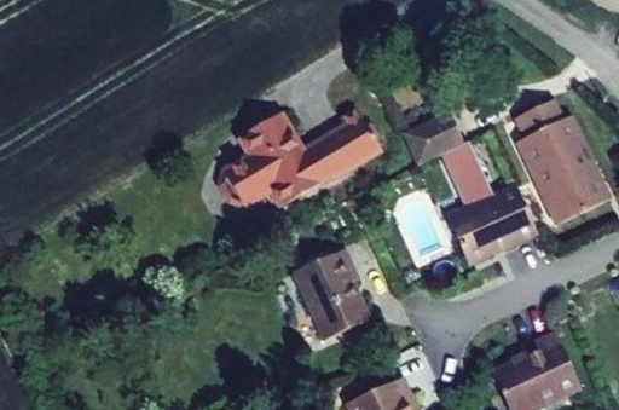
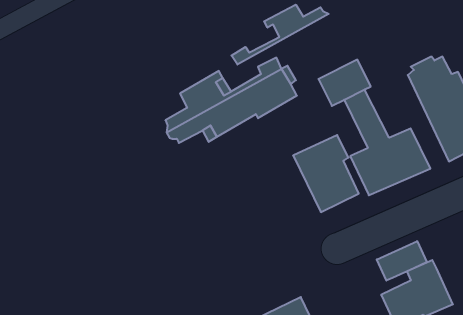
building: none -> [231,5,329,65]
building: [293,248,370,339] -> [293,135,359,212]
building: none -> [377,241,427,281]

